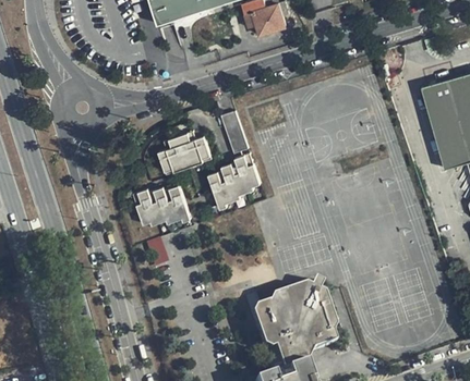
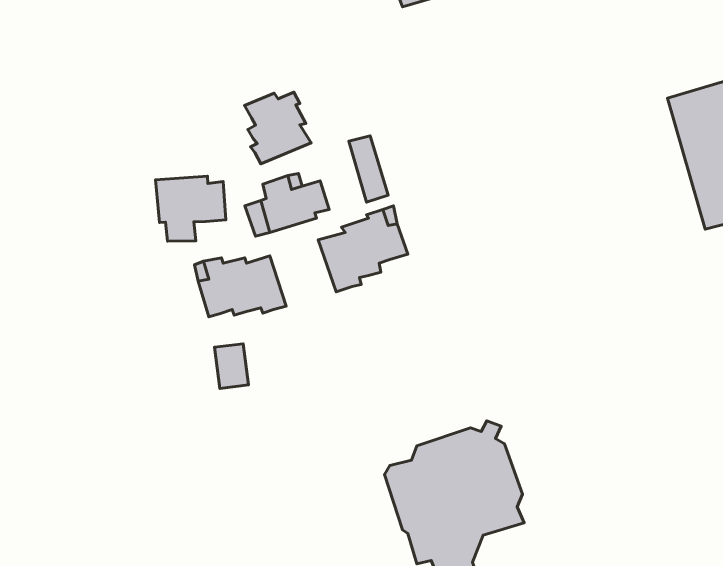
building: none -> [245,92,311,164]
building: none -> [156,176,226,241]

